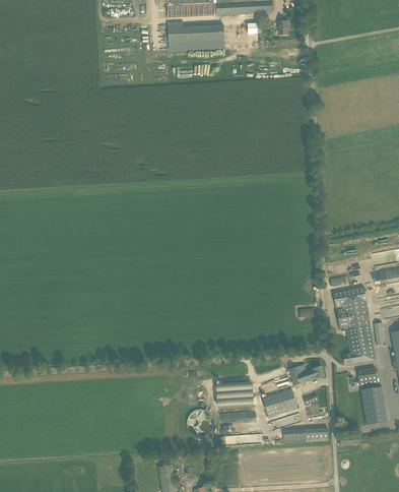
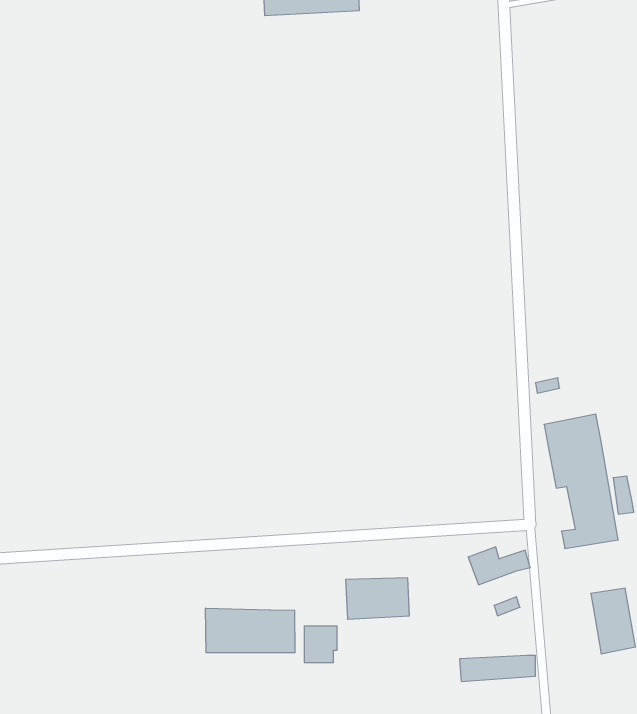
building: [261,387,296,416] -> none
building: none -> [206,608,295,653]

